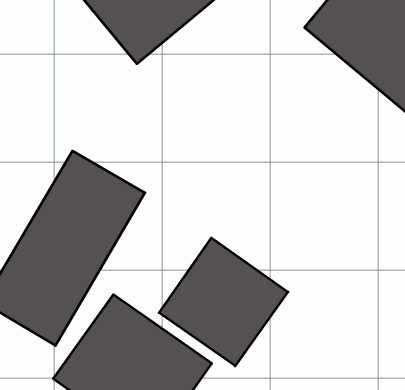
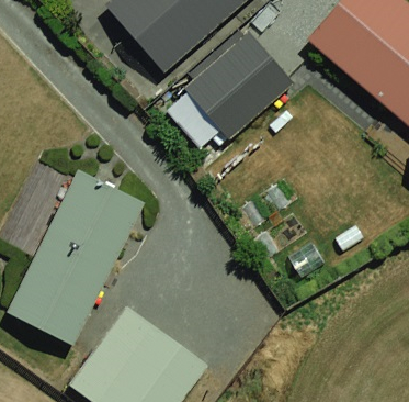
building: none -> [181,27,297,141]
building: [159,238,288,366] -> none

